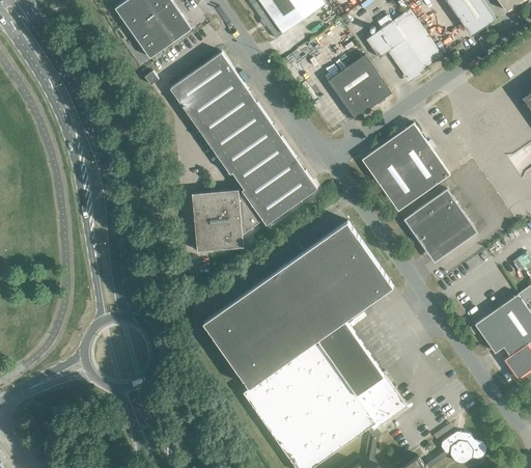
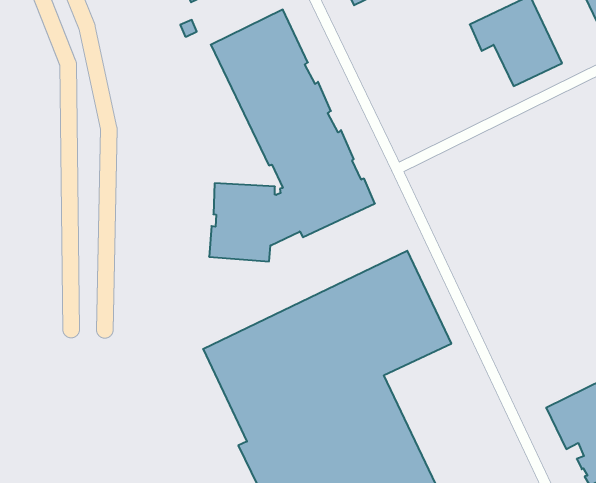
building: [327,54,391,119] -> none
building: [362,123,449,211] -> none
building: [410,190,476,256] -> none

